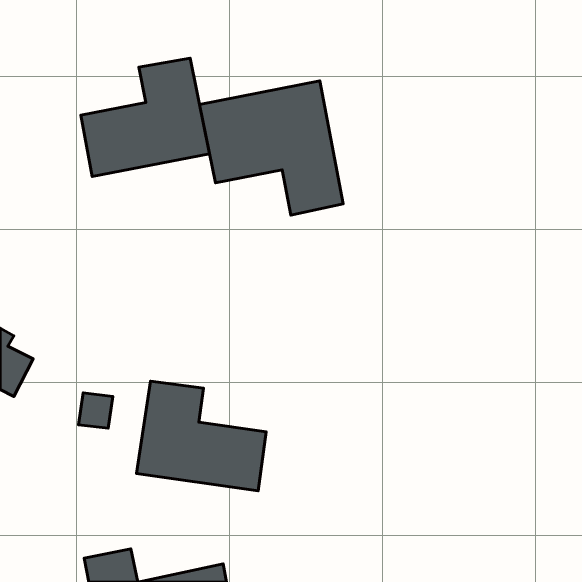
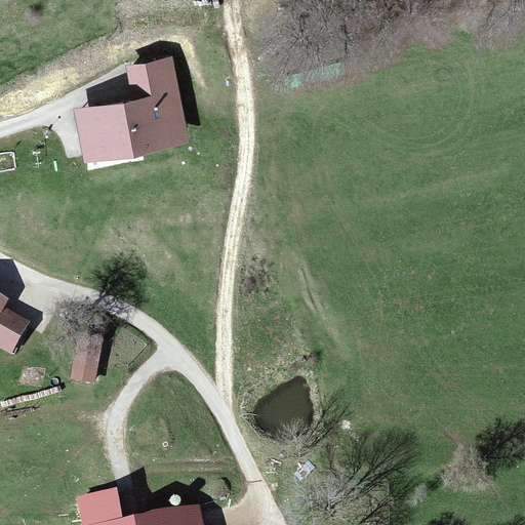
building: [200,81,343,215] -> none
building: [136,381,266,491] -> none

